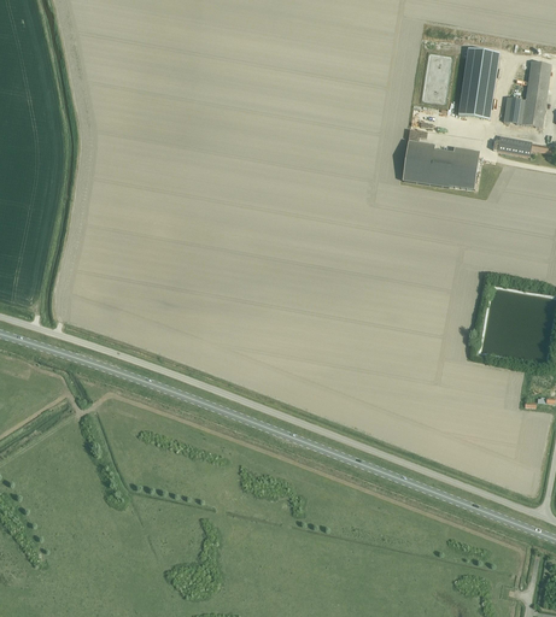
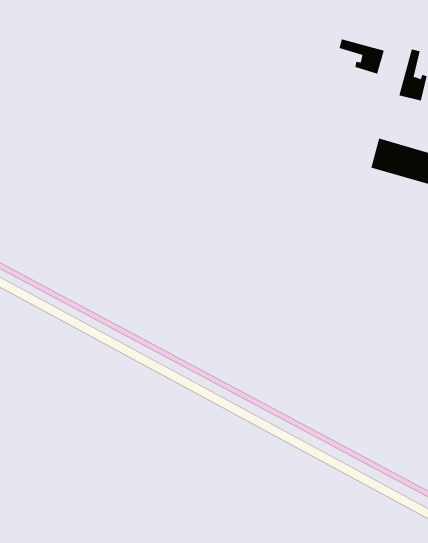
building: none -> [339,39,385,75]

